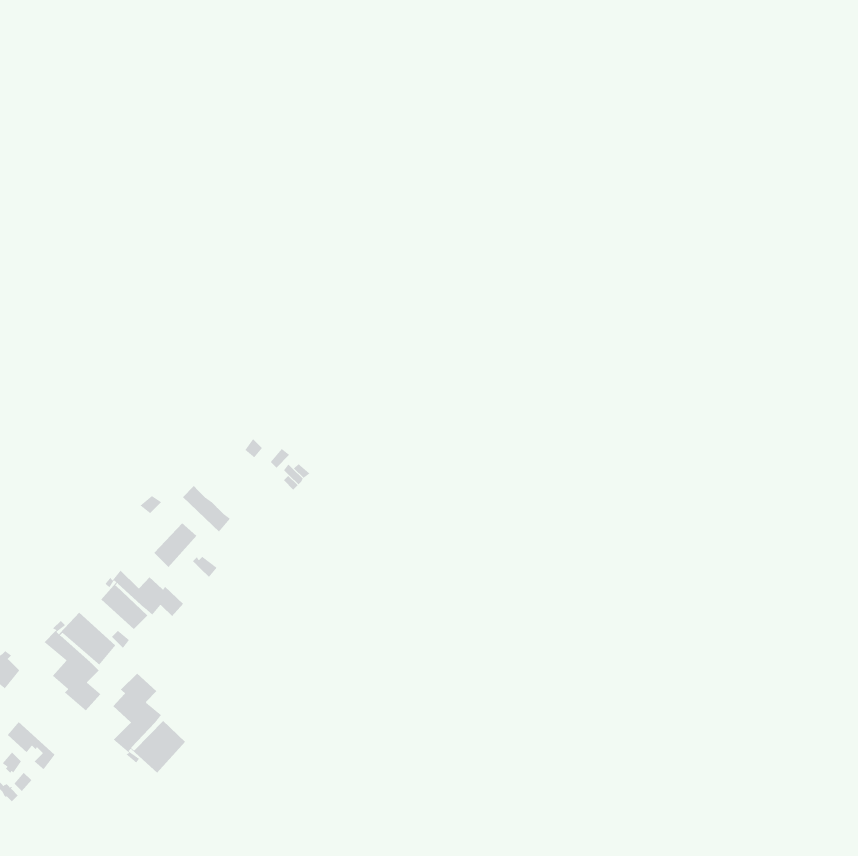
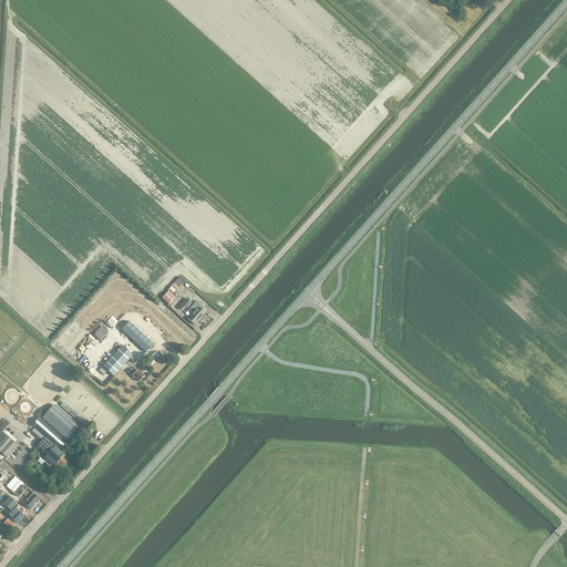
building: [101,570,184,630] -> none
building: [112,673,186,773] -> none

